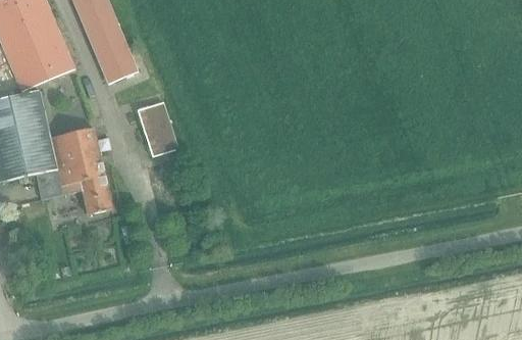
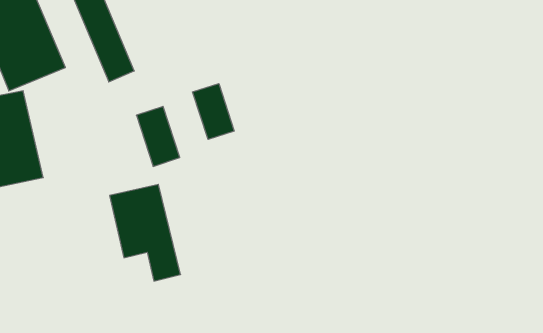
building: none -> [193,84,234,139]
building: [45,126,110,214] -> [110,184,181,281]

